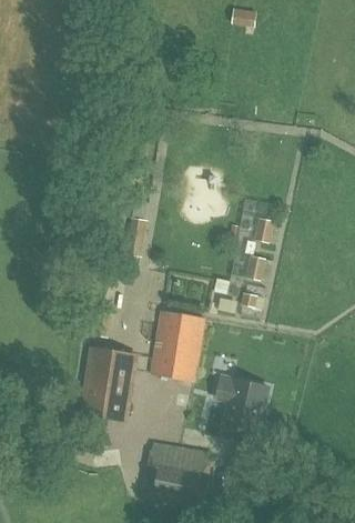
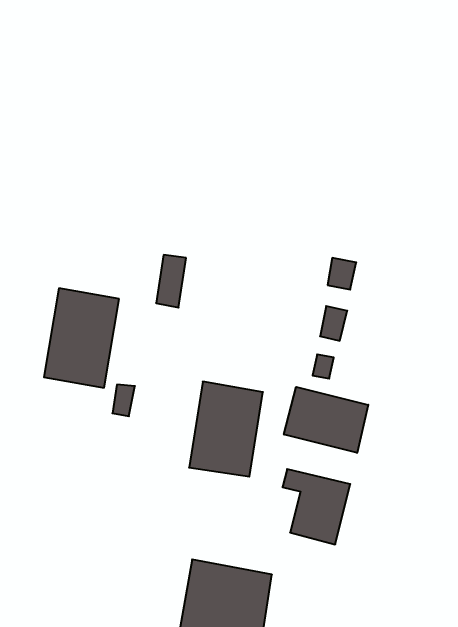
building: none -> [284,387,368,453]
building: [79,346,134,420] -> [44,288,119,388]

